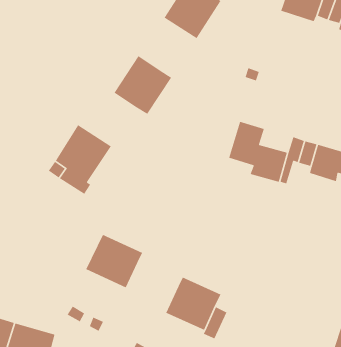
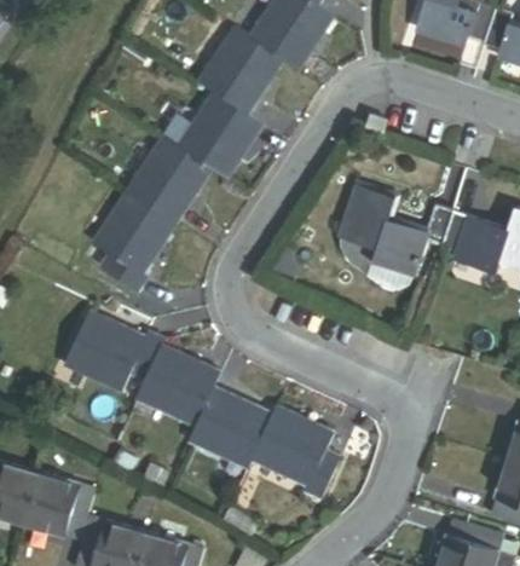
building: none -> [198,28,279,112]
building: none -> [127,135,210,221]
building: none -> [65,312,164,397]
building: none -> [190,387,272,466]

